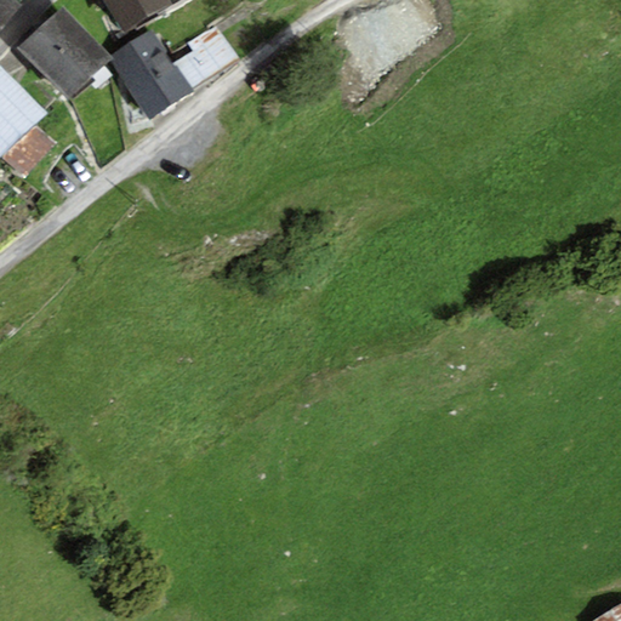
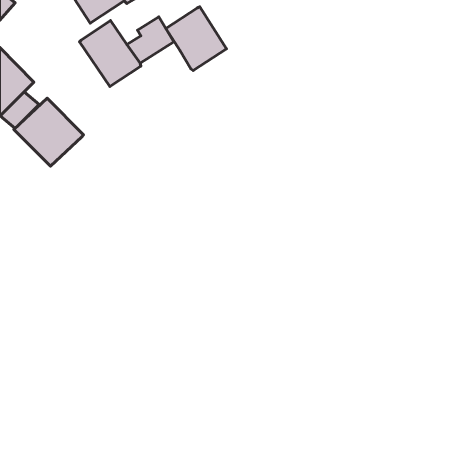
building: [16,5,110,97] -> [14,98,84,166]
building: none -> [166,7,226,71]

